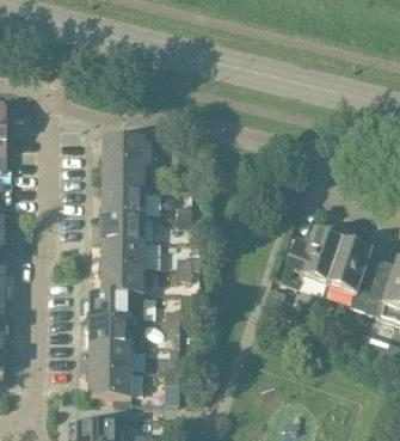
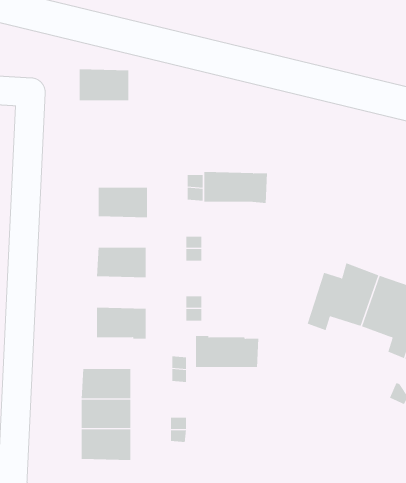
building: [101,137,144,165] -> [79,69,129,101]
building: [101,190,156,218] -> [204,172,268,204]
building: [100,241,143,269] -> none
building: [88,293,143,320] -> [195,335,259,368]

